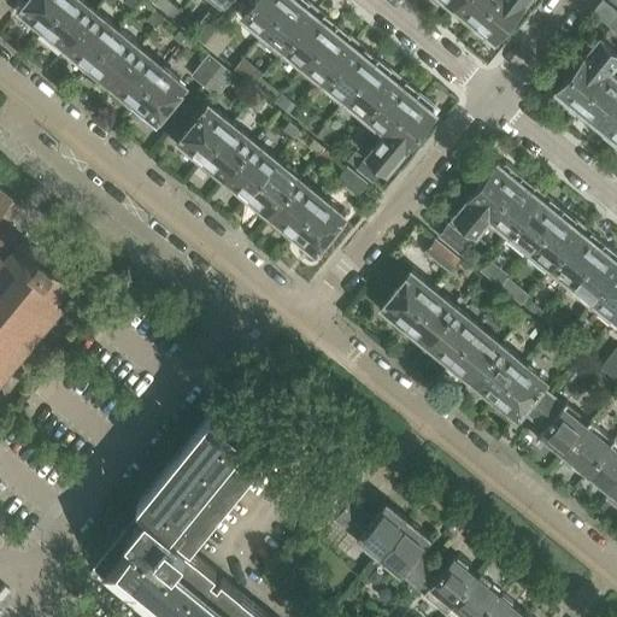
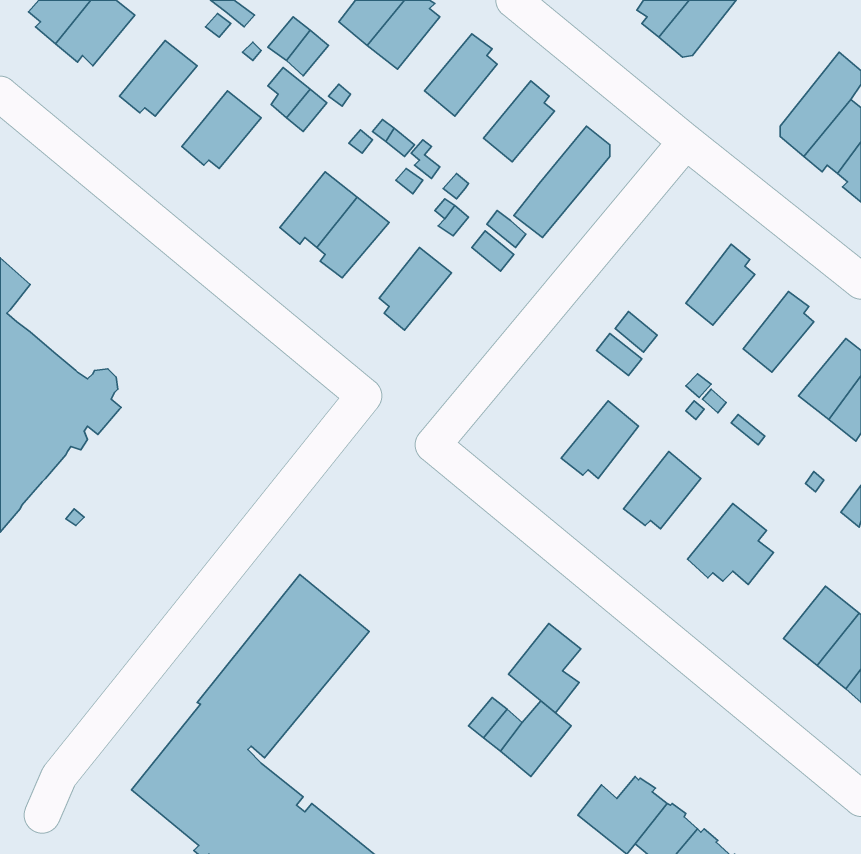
building: [66,16,118,74] -> none
building: [284,17,337,70] -> none
building: [325,51,380,104] -> none
building: [111,52,163,110] -> none
building: [366,84,419,136] -> none
building: [180,108,233,168] -> none
building: [245,164,300,218] -> none
building: [456,166,523,237] -> none
building: [289,200,346,255] -> none
building: [510,201,564,254] -> none
building: [552,235,605,288] -> none
building: [382,274,435,333] -> none
building: [428,310,478,369] -> none
building: [472,347,524,405] -> none
building: [535,400,590,462] -> none
building: [380,524,431,588] -> [508,624,581,713]

